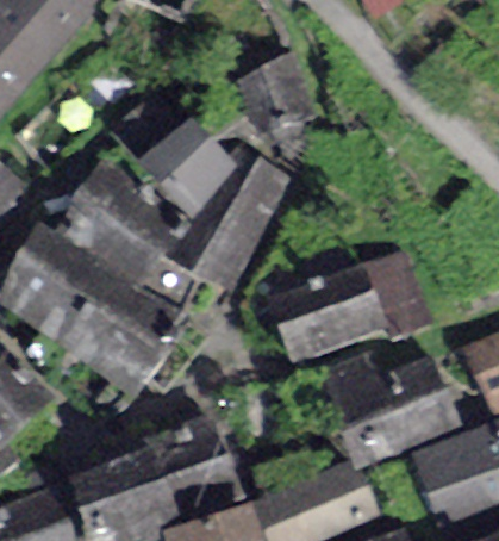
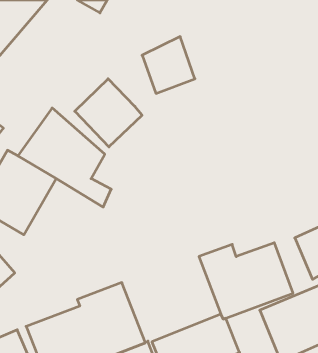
building: [162,148,288,294] -> none
building: [266,250,428,367] -> none
building: [61,262,193,403] -> none

